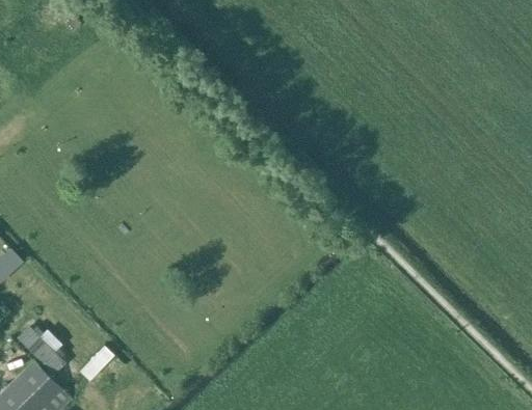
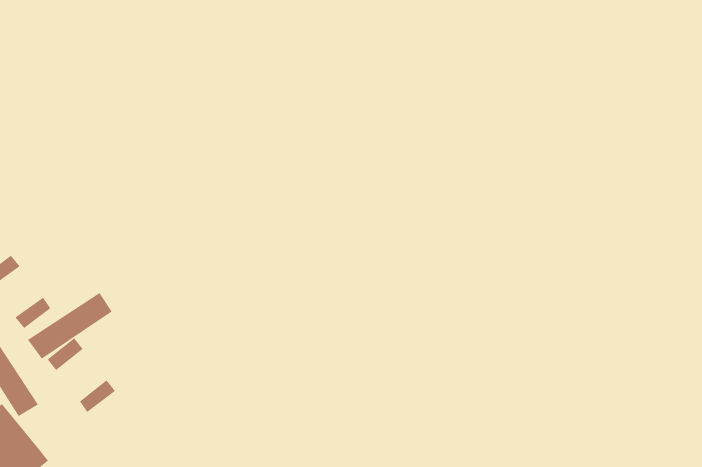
building: none -> [27,292,112,360]

